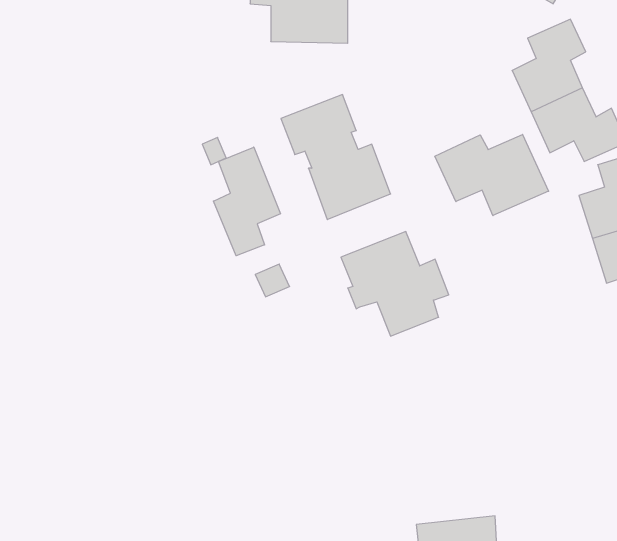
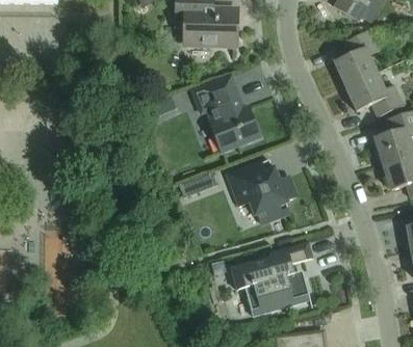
building: [435,134,549,216] -> none
building: [213,147,280,256] -> none
building: none -> [230,241,312,316]

